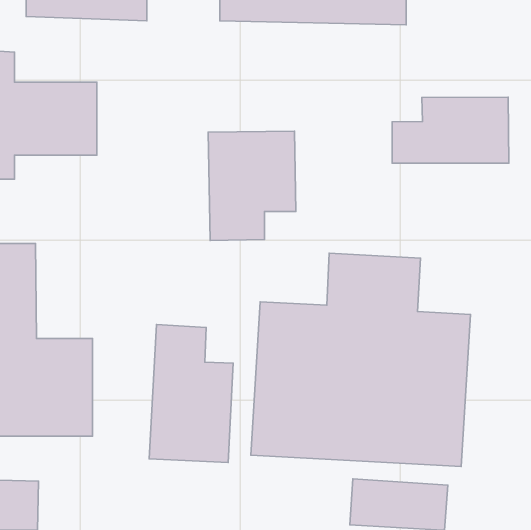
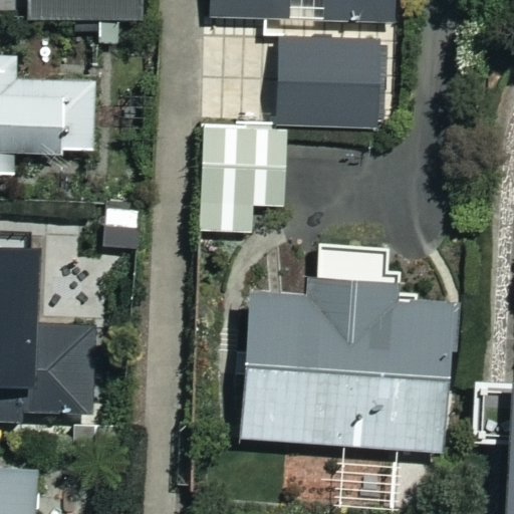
building: none -> [278,41,375,119]
building: [392,97,509,163] -> none
building: [149,325,233,462] -> none

